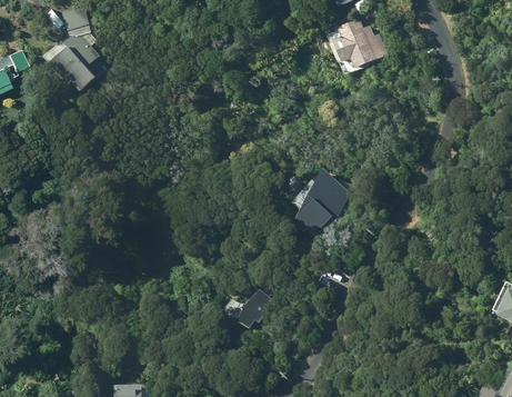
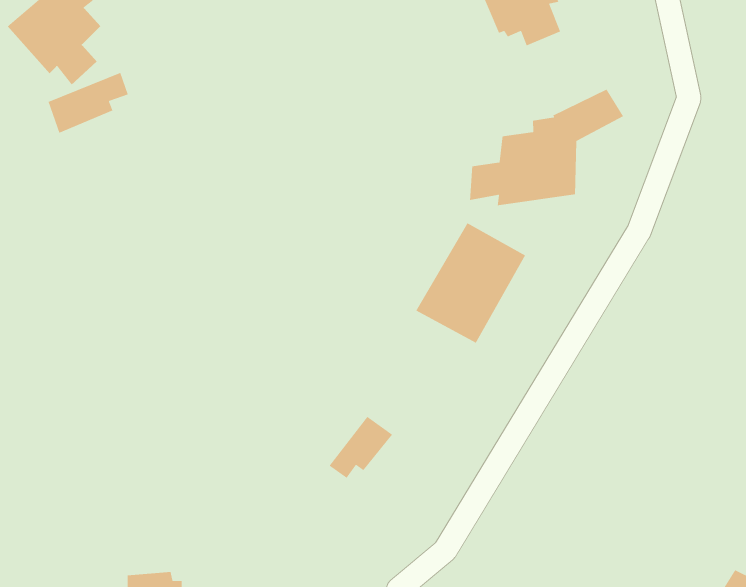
building: none -> [47,72,129,134]
building: none -> [469,88,624,206]

